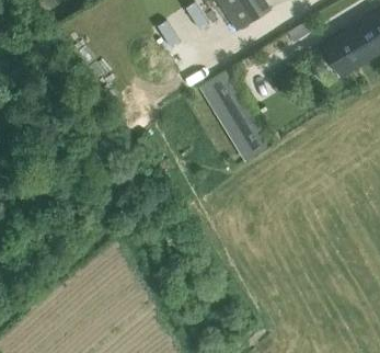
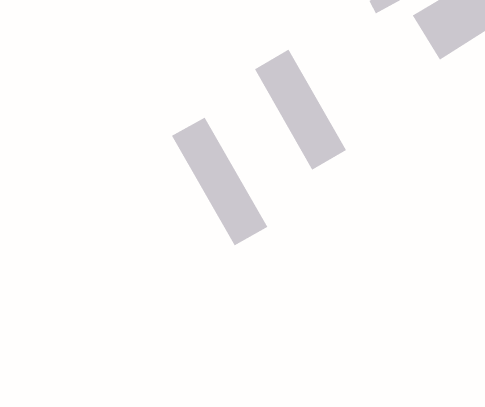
building: none -> [171,117,268,246]

